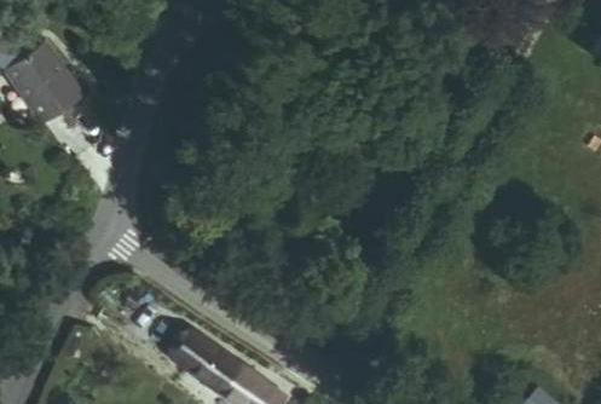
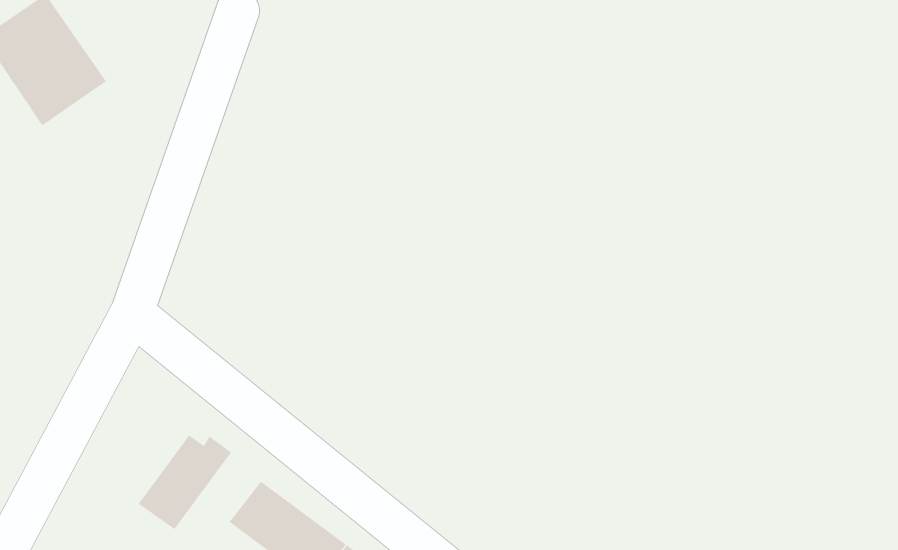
building: none -> [138,434,232,530]

